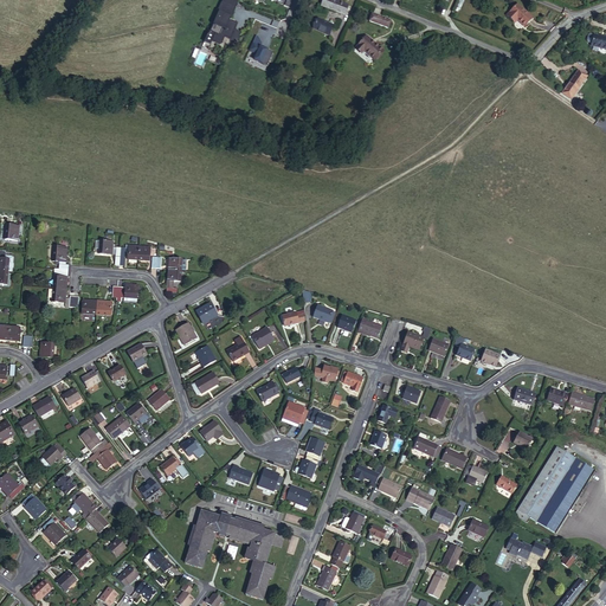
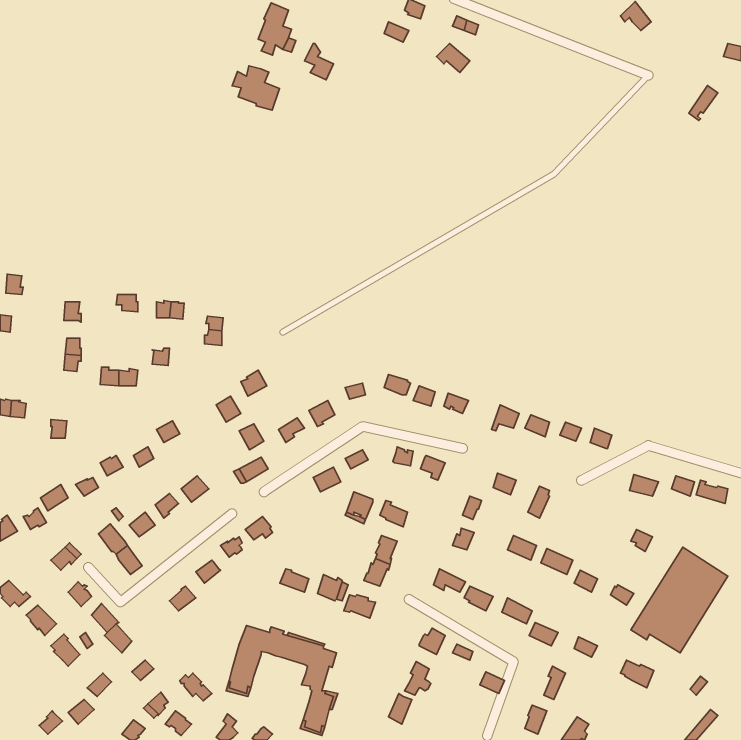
building: none -> [232,66,280,110]

